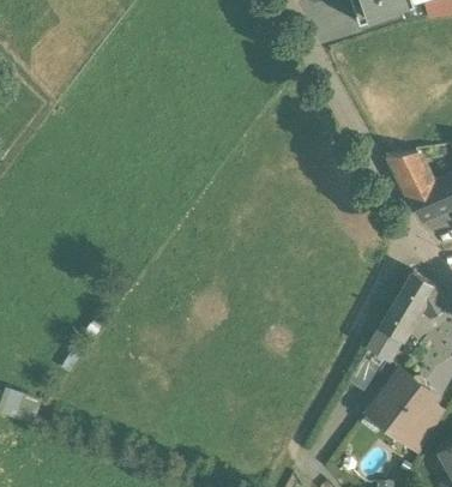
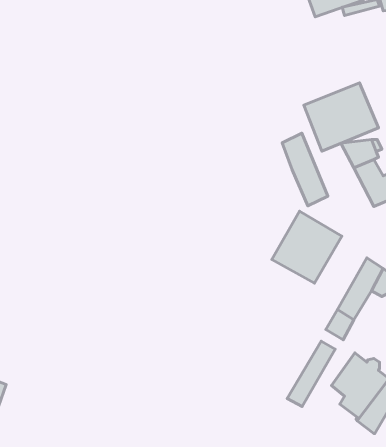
building: none -> [304,83,378,151]
building: none -> [282,133,328,206]
building: none -> [272,211,342,283]

